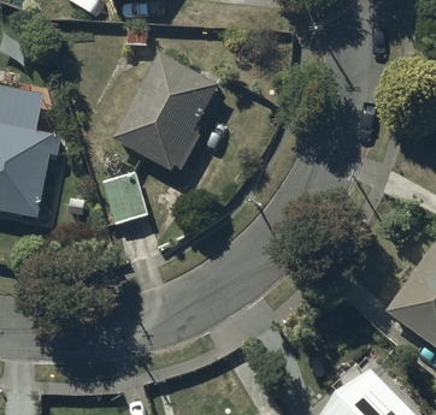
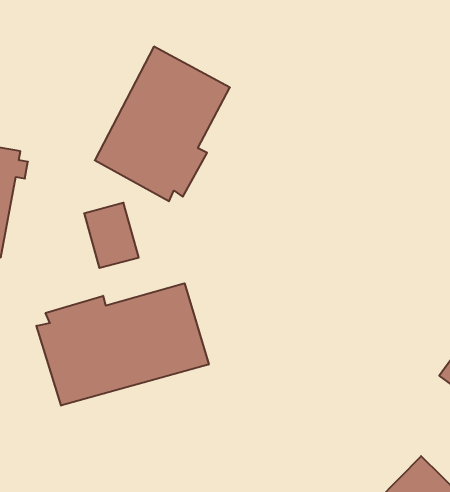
building: none -> [36,283,209,406]

